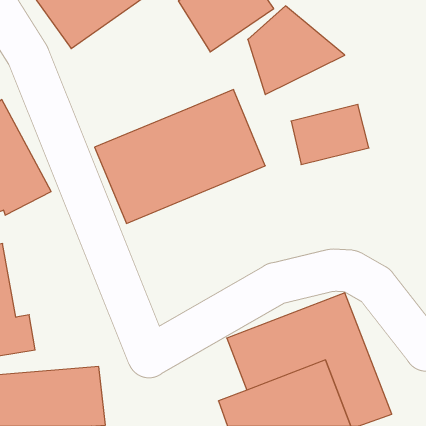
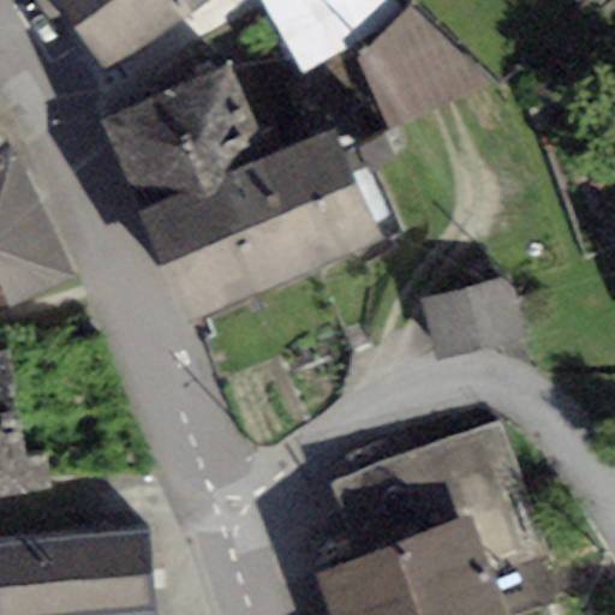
building: none -> [97,64,269,211]
building: [291,104,369,165] -> [418,275,530,362]

